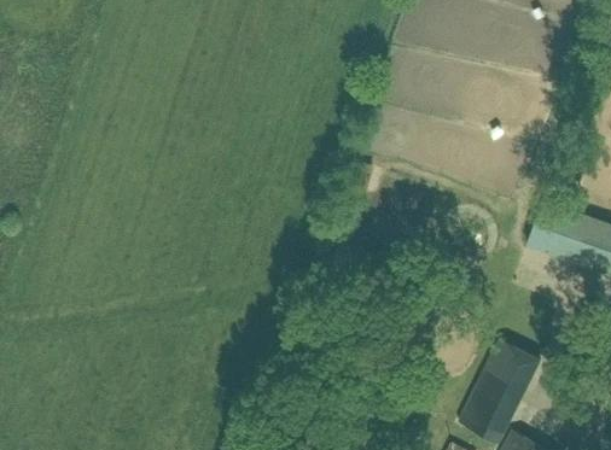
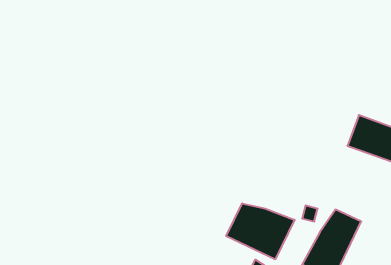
building: none -> [226,203,295,259]

